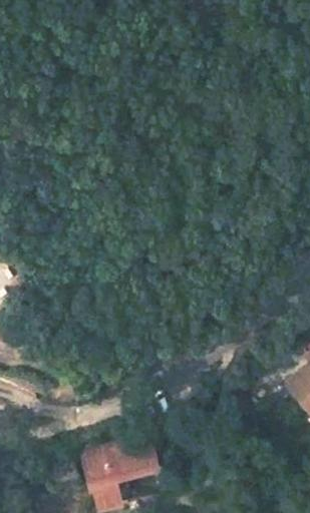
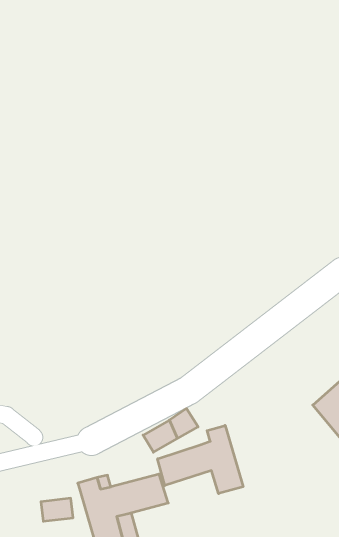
building: none -> [158,425,243,494]

